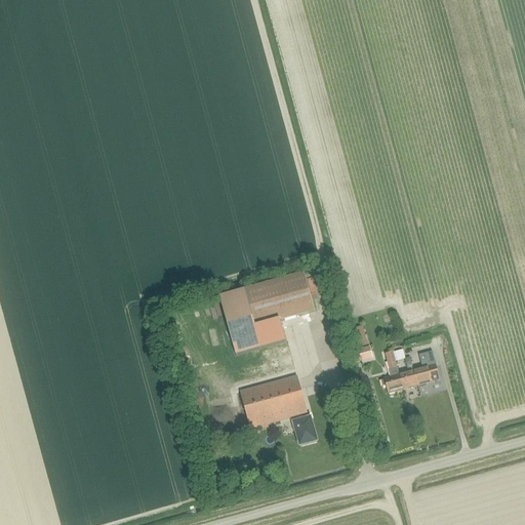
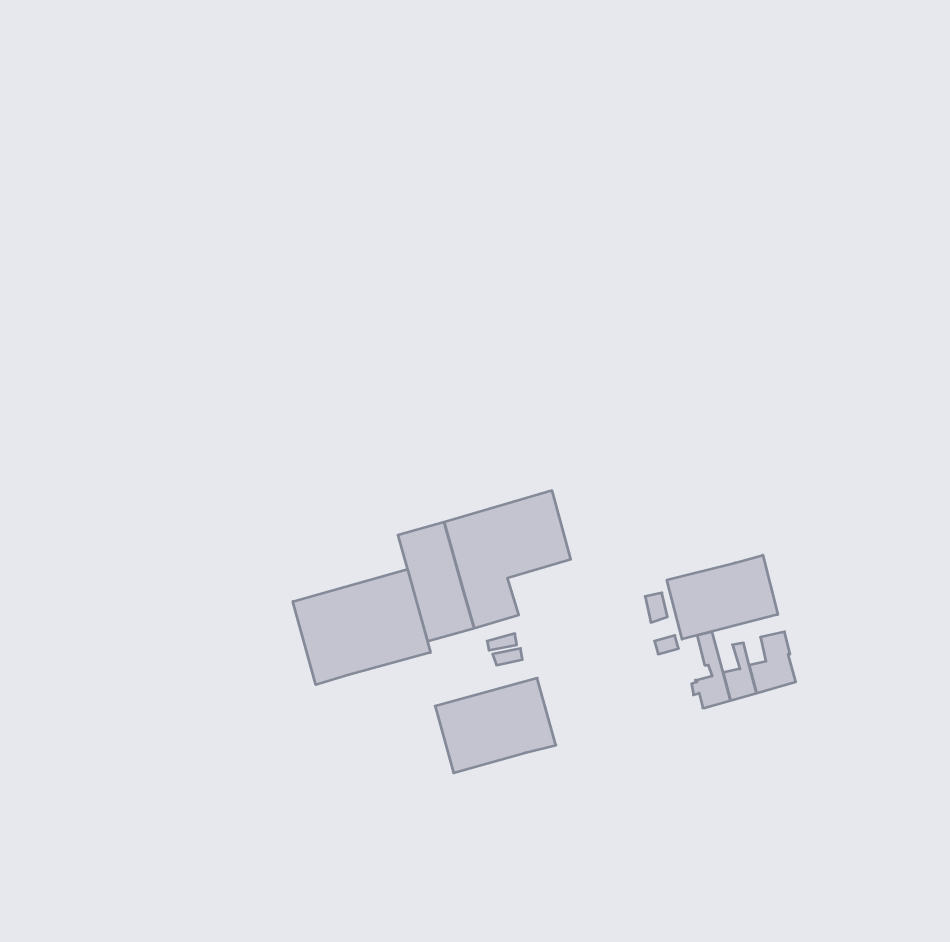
building: none -> [667,555,778,639]
building: none -> [293,569,430,685]
building: [290,411,316,443] -> none

